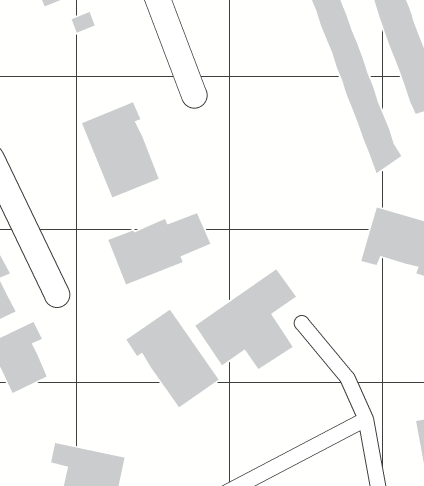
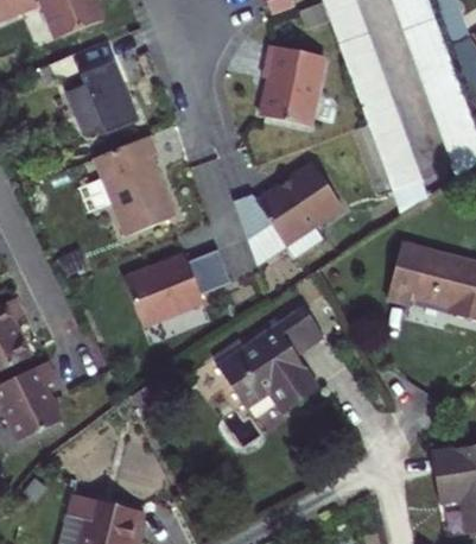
building: none -> [261,43,323,124]
building: none -> [68,61,139,134]
building: none -> [235,163,343,245]
building: [125,309,220,408] -> none

